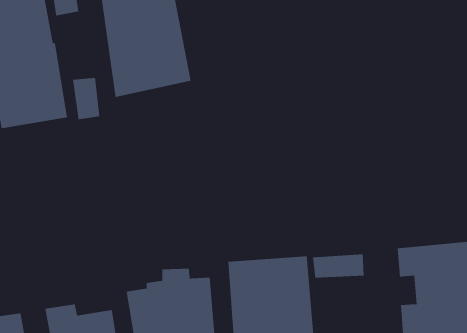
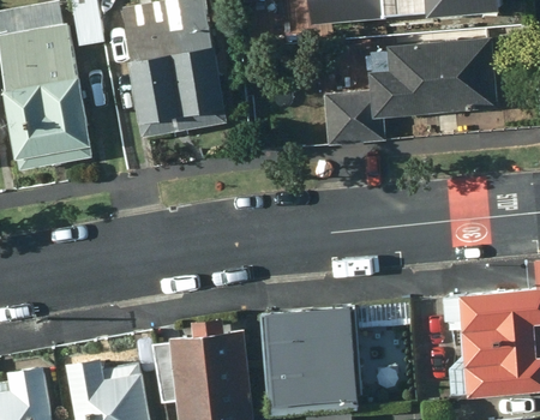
building: none -> [322,37,497,148]

